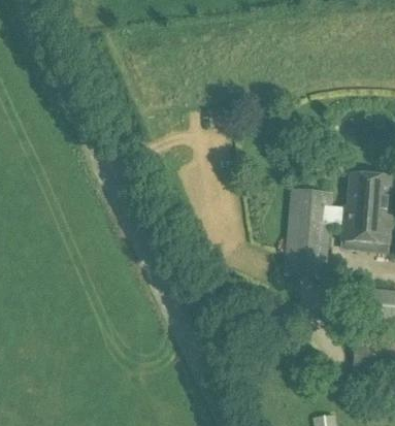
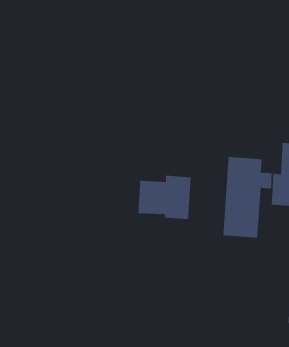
building: none -> [138,175,191,220]

